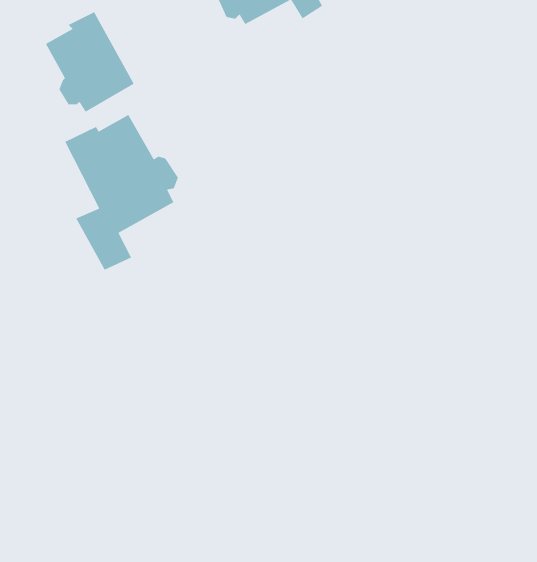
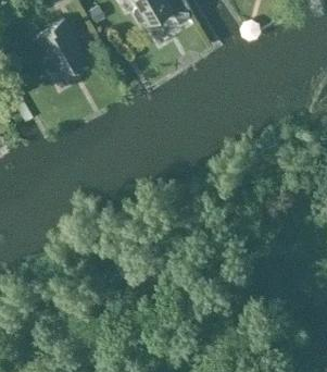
building: [64,114,178,271] -> none

